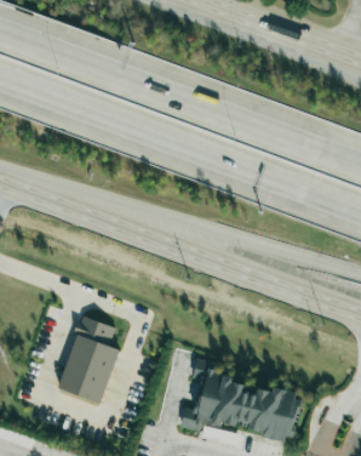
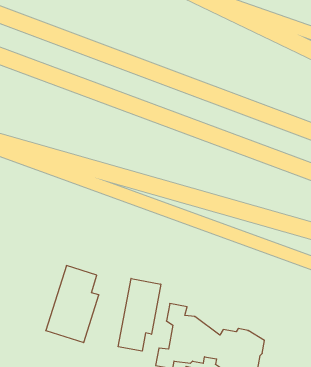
building: none -> [118,278,161,351]

